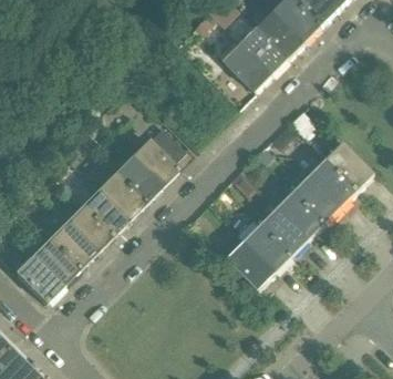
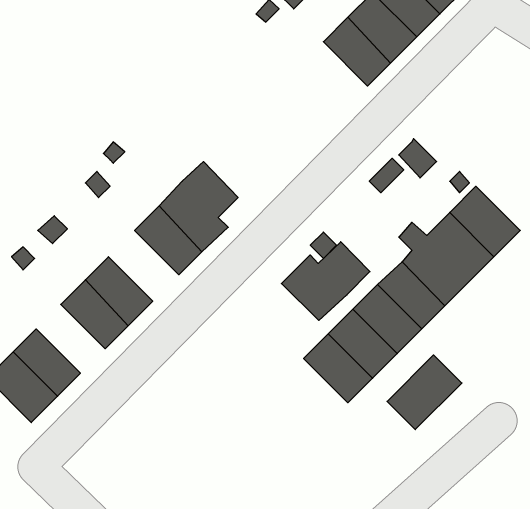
building: [225,44,271,91] -> none
building: [96,172,144,219] -> none
building: none -> [281,242,370,320]
building: [48,222,94,268] -> none
building: none -> [387,355,462,430]

